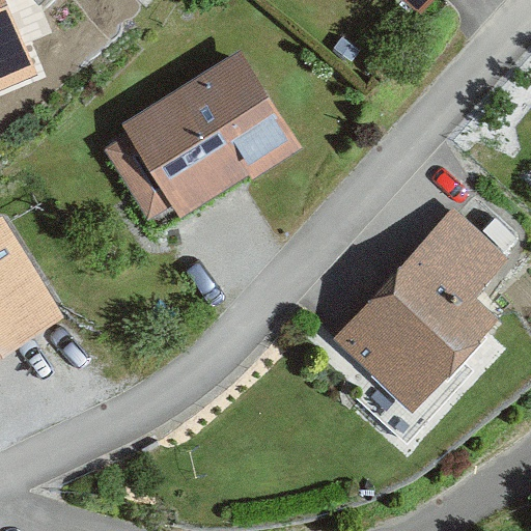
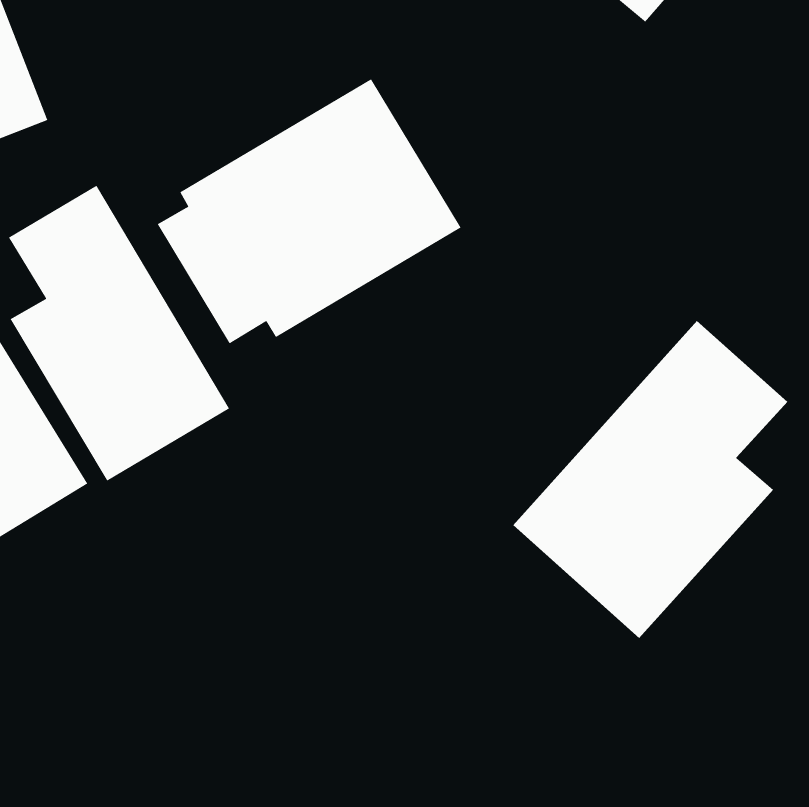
building: none -> [8,185,230,482]

